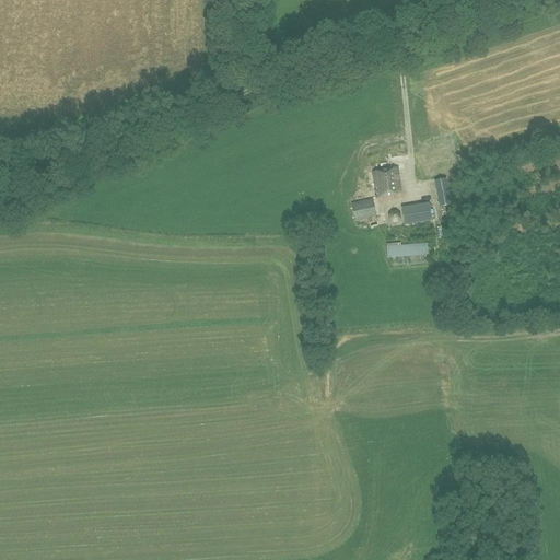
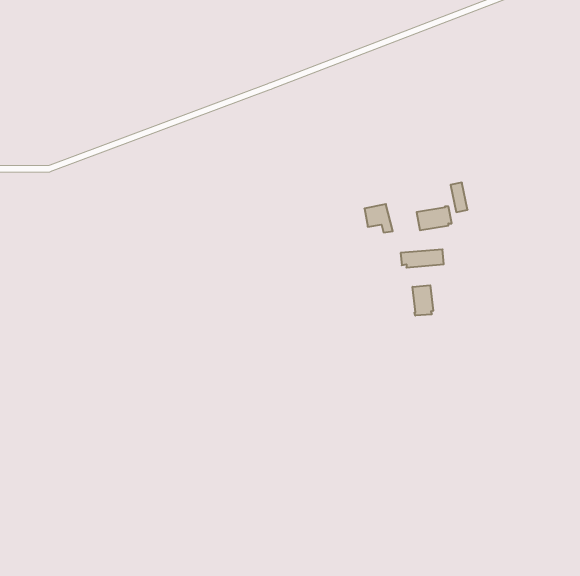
building: [372,166,400,196] -> none
building: none -> [413,285,433,316]

